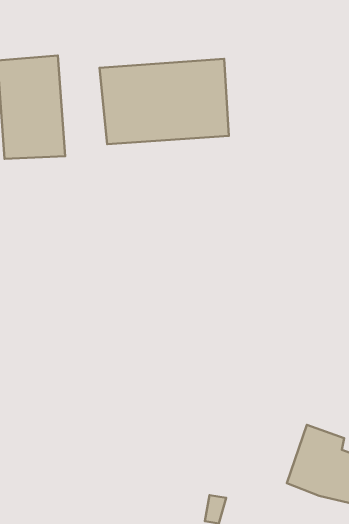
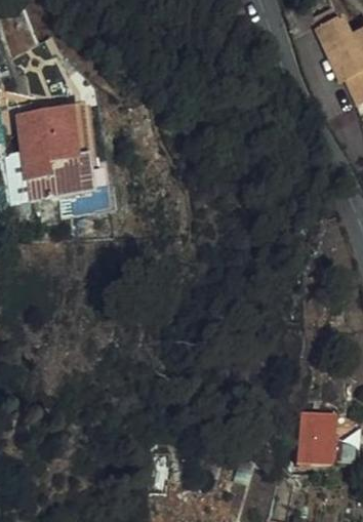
building: [100,59,229,144] -> none

